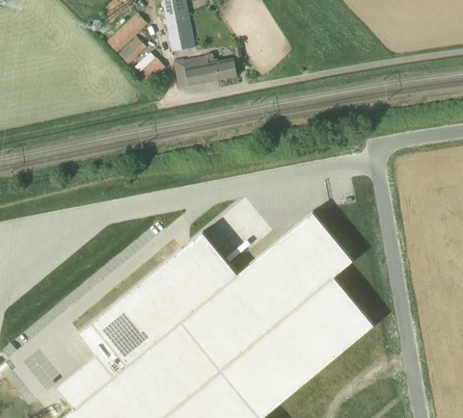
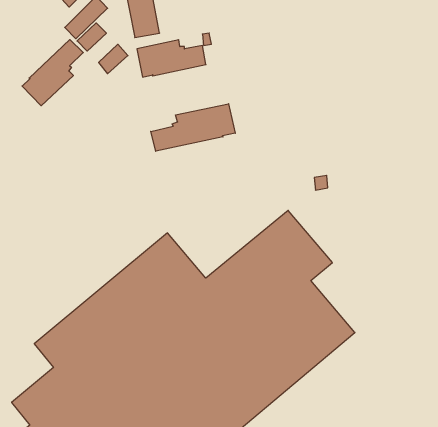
building: none -> [22,40,83,106]
building: none -> [151,104,235,151]

